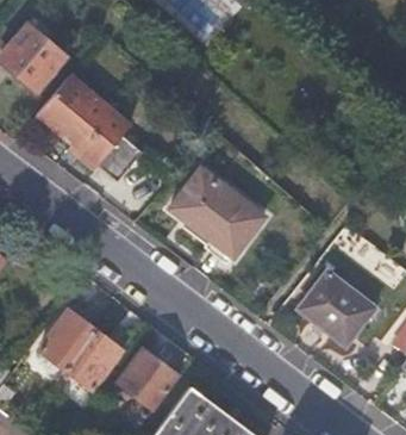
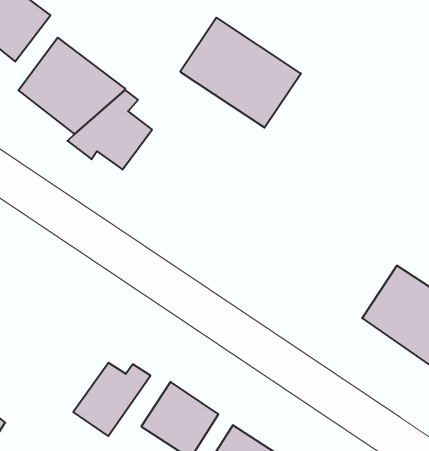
building: [170,169,264,257] -> [180,18,301,128]
building: [42,304,96,368] -> none

